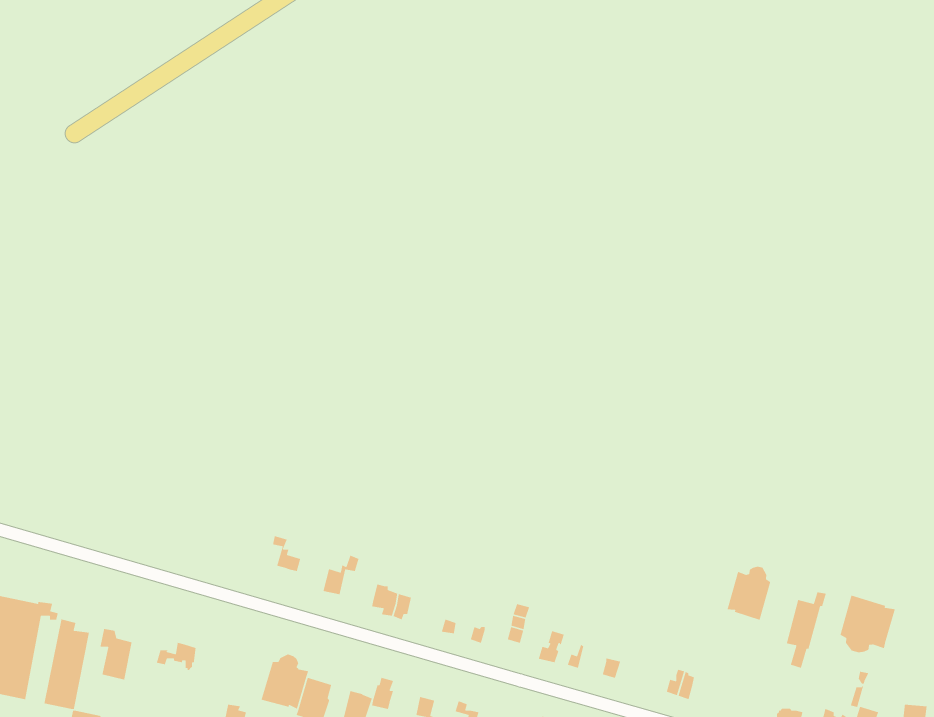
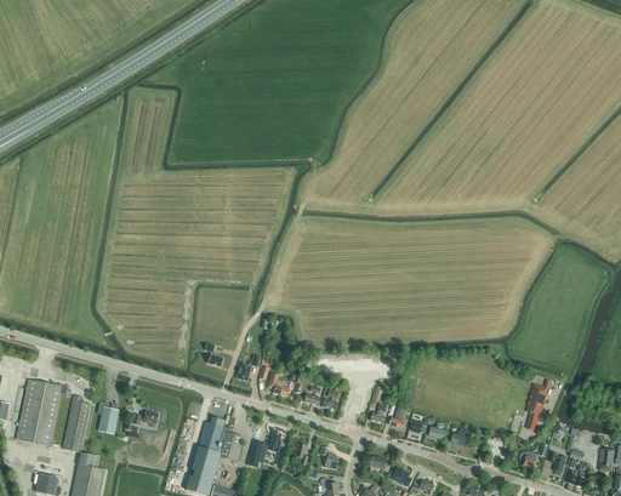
building: [726,566,771,621] -> none
building: [839,594,896,653] -> none

